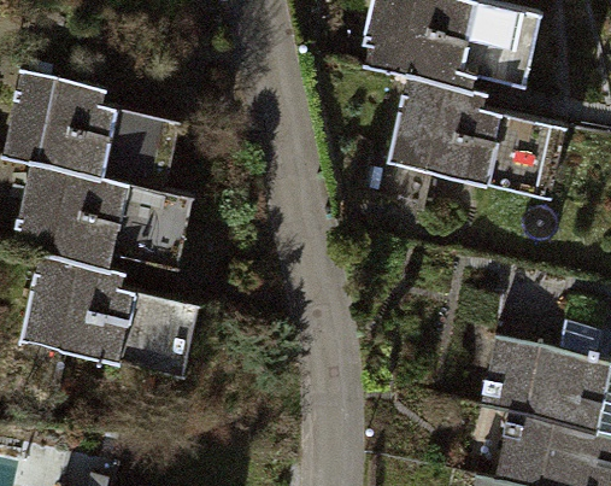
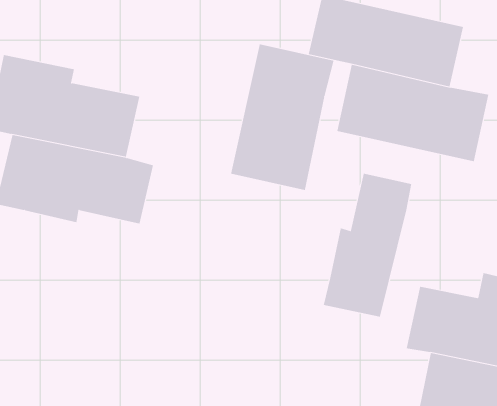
building: none -> [231,44,334,191]
building: none -> [323,173,412,317]
building: [20,248,200,376] -> none

